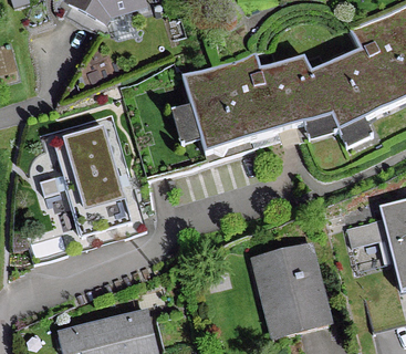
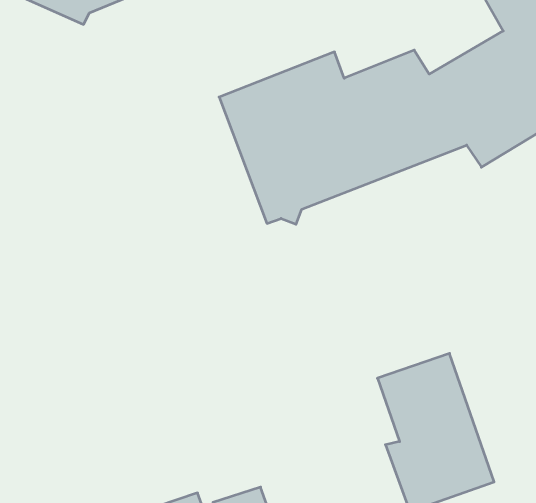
building: [52,129,134,239] -> none

